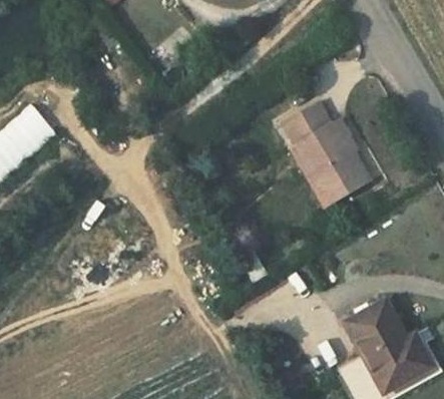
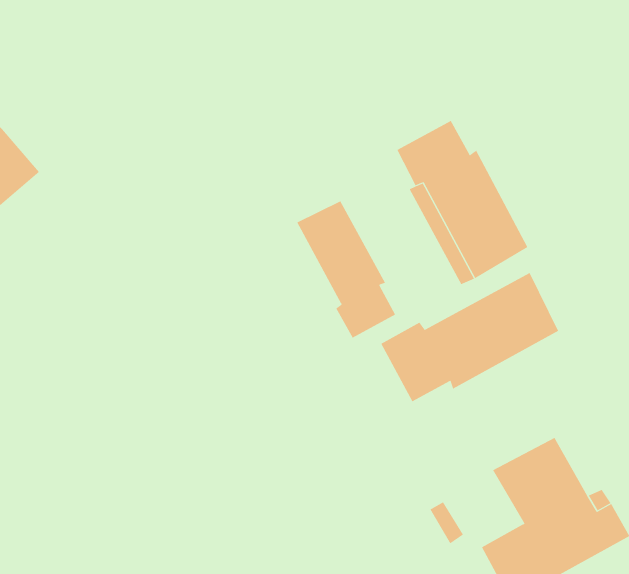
building: none -> [296,201,396,338]
building: none -> [381,272,559,402]

